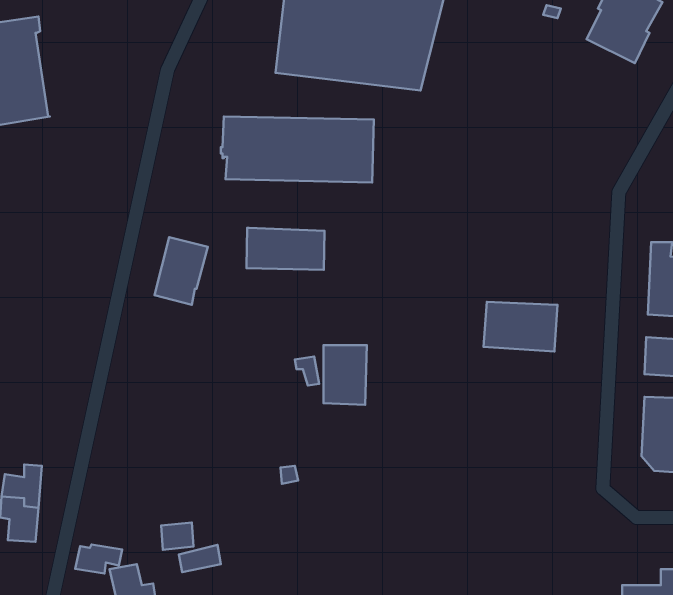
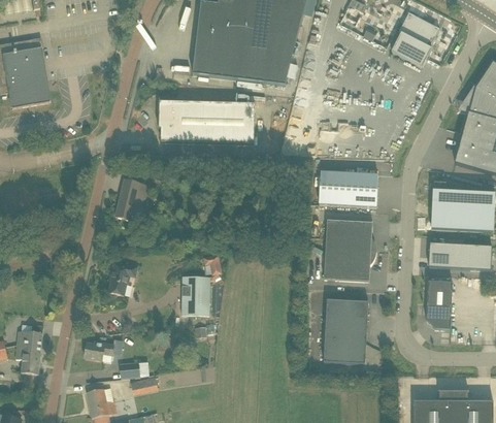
building: none -> [319,171,377,206]
building: [246,228,325,270] -> none
building: [323,345,367,405] -> [181,276,209,315]
building: none -> [323,249,375,282]
building: none -> [108,261,136,295]
building: none -> [323,299,368,363]
building: [75,545,122,574] -> [84,341,113,360]

